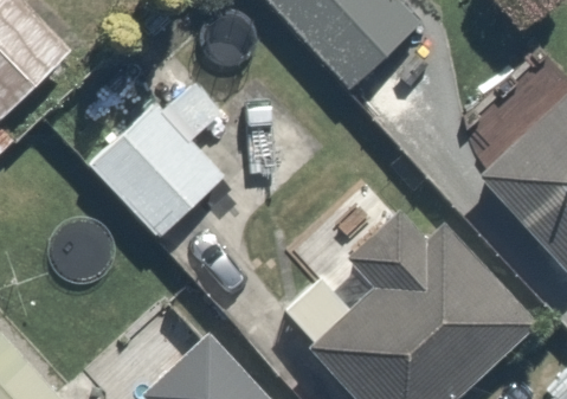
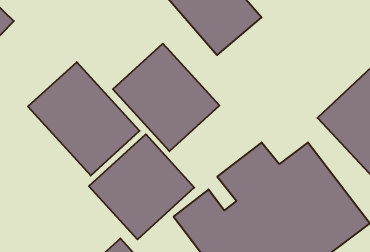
building: none -> [113,44,219,151]
building: none -> [89,134,194,239]

